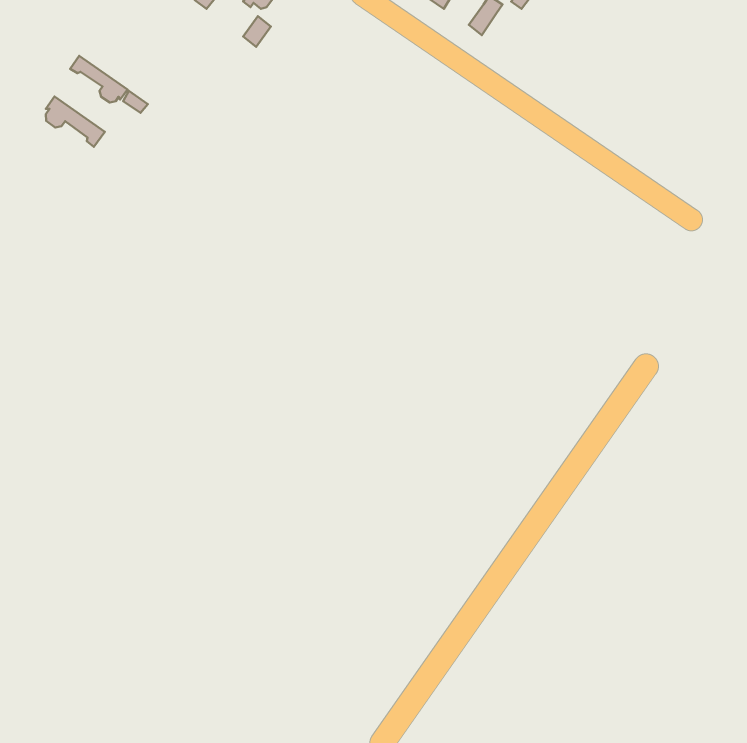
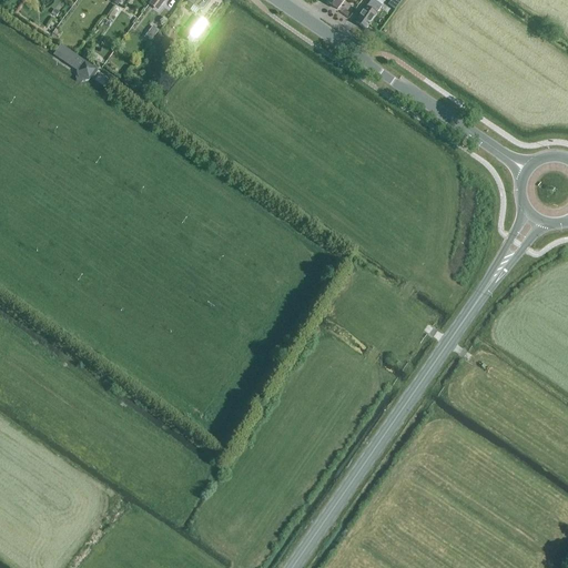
building: [46,96,105,147] -> none

